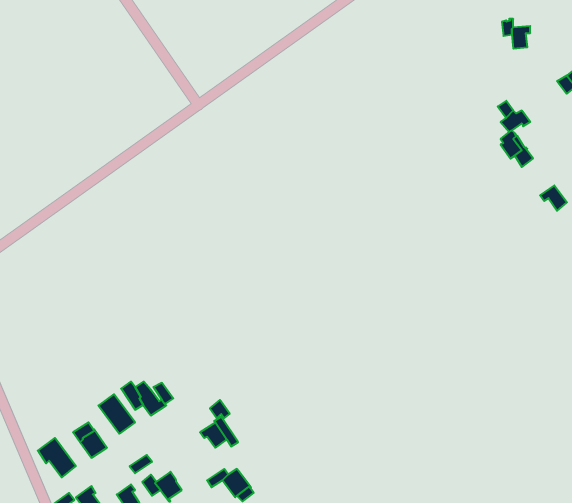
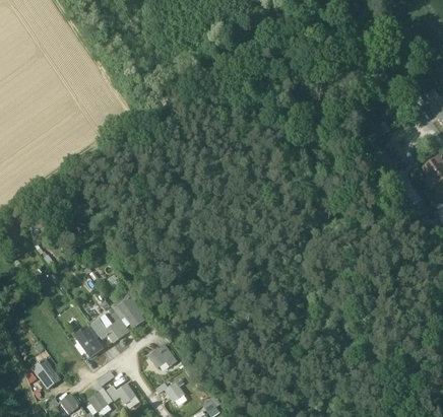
building: none -> [120,298,144,329]

